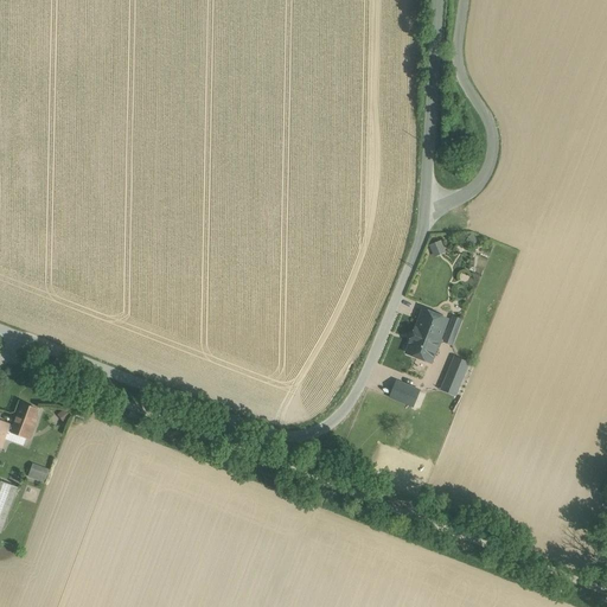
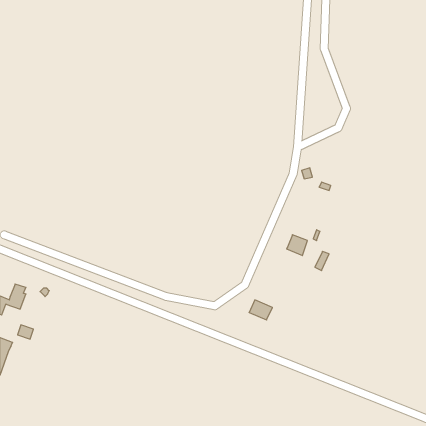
building: [415,309,446,341] -> none
building: [385,377,418,405] -> [249,300,272,320]

